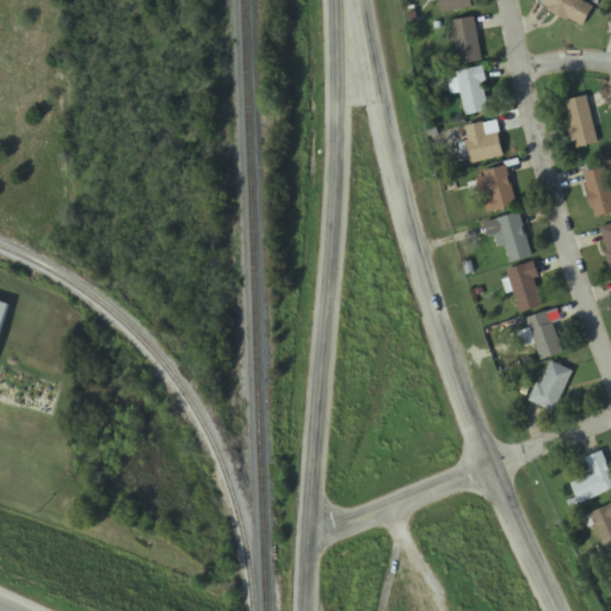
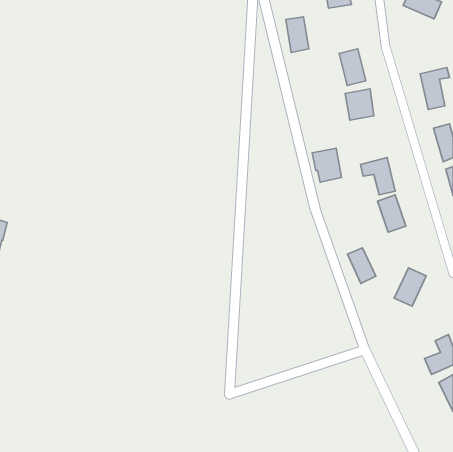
building: [450,16,481,63] -> [286,17,309,52]
building: [475,166,514,211] -> [312,148,342,182]
building: [524,310,562,358] -> [347,248,376,283]

